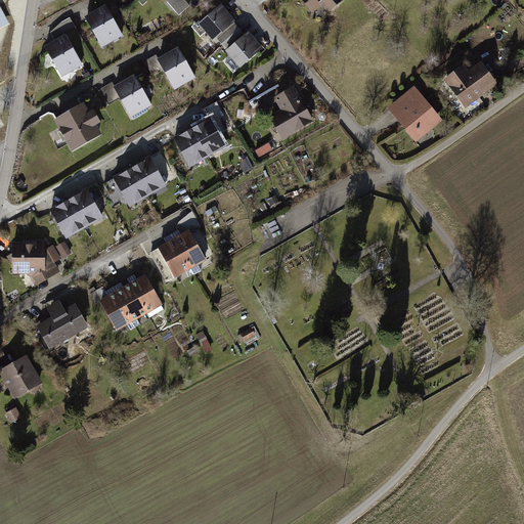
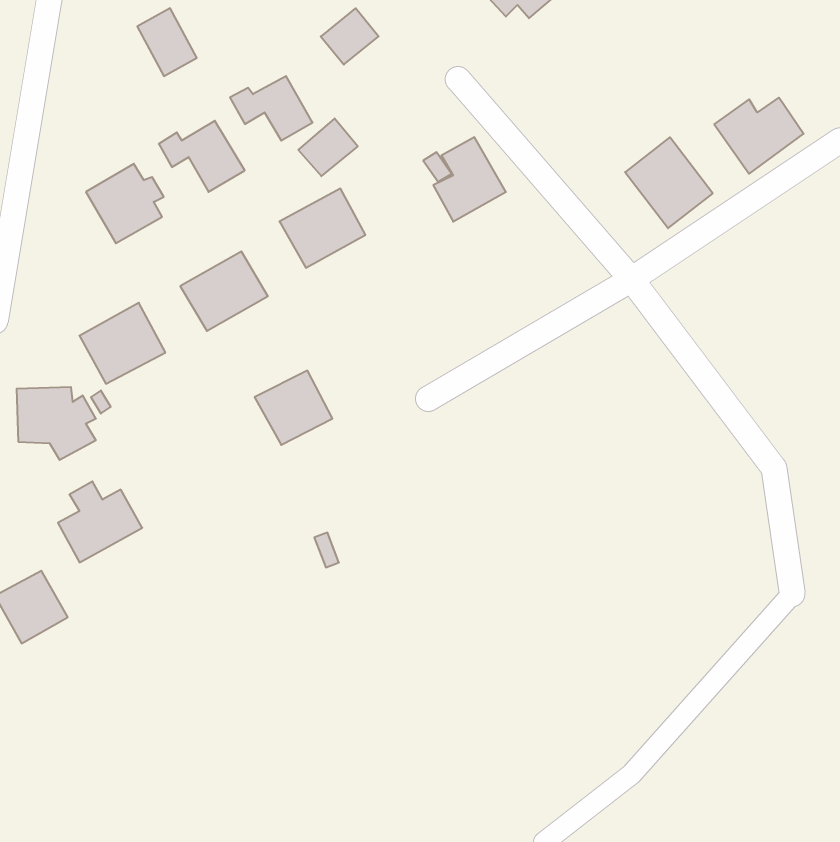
building: [225,31,262,67] -> [298,118,358,176]
building: [44,34,82,77] -> none
building: [98,273,162,330] -> none

